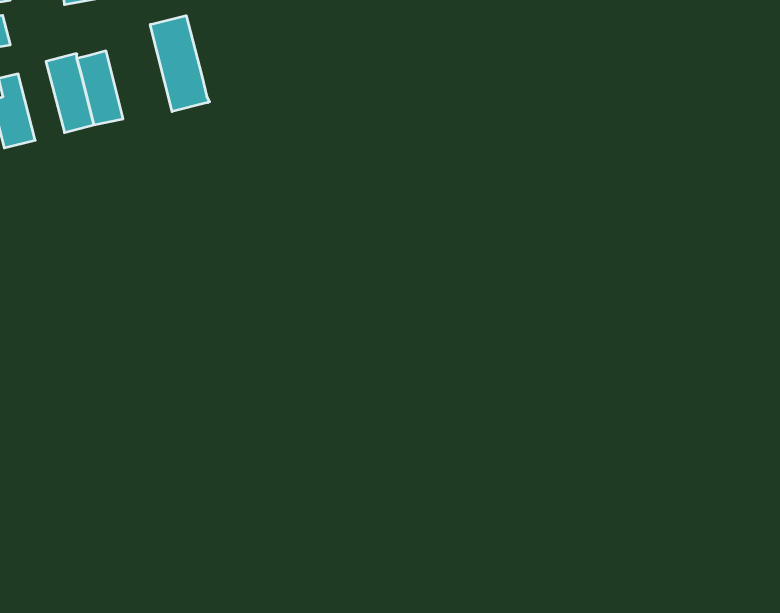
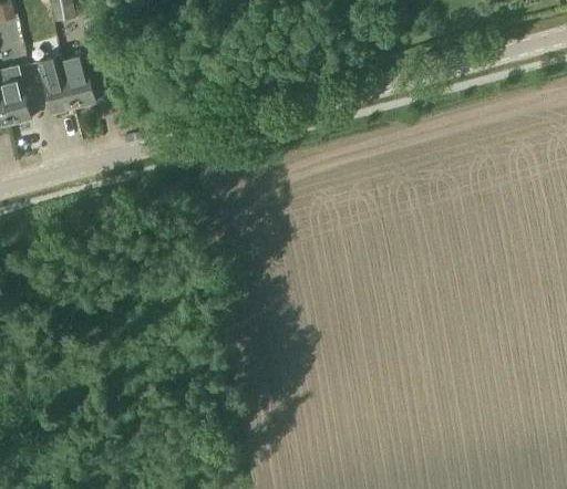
building: [150,16,210,112] -> none

